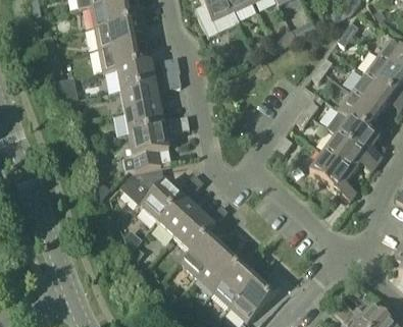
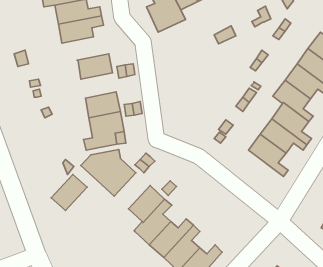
building: [98,42,151,72] -> none
building: [119,83,159,111] -> none
building: [157,196,198,236] -> [51,174,87,211]

